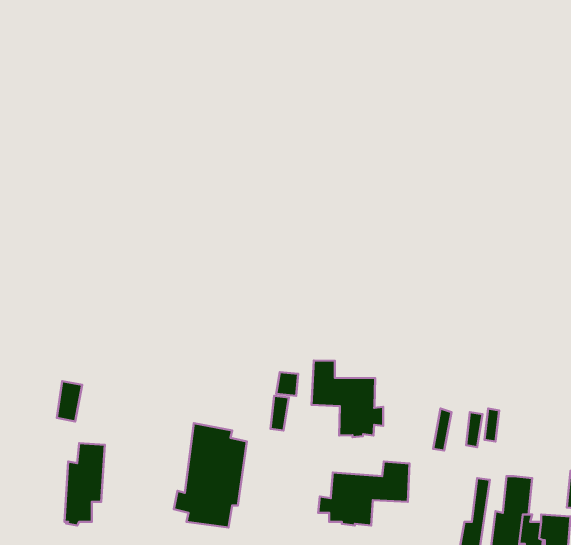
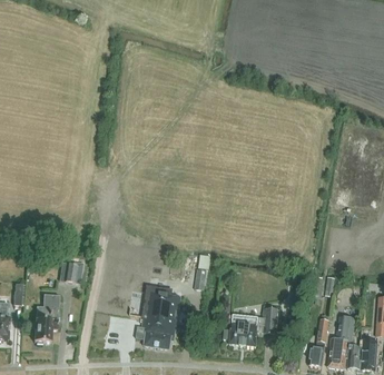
building: [312,361,383,437] -> none
building: [64,443,105,525] -> [35,293,59,343]

